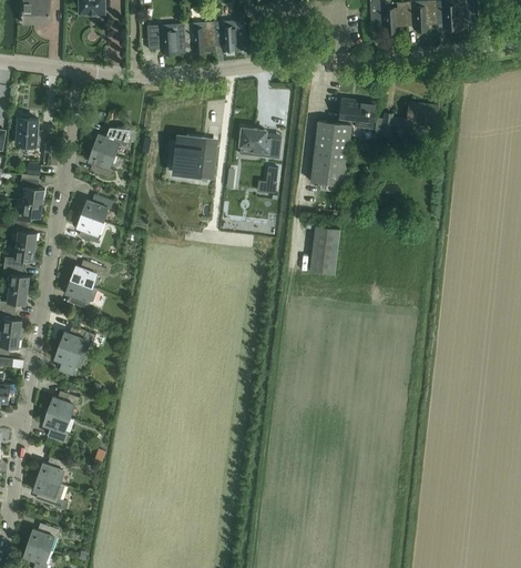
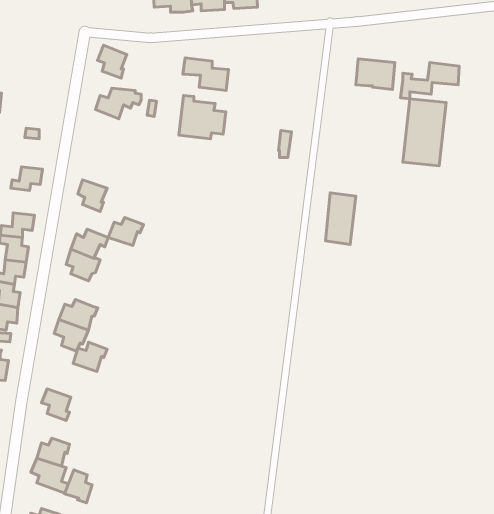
building: [16,115,49,152] -> none
building: [309,122,350,185] -> [403,99,446,166]
building: [237,128,280,159] -> [183,58,229,91]
building: [86,148,114,179] -> [98,45,127,78]
building: [19,179,43,204] -> none
building: [80,195,113,222] -> [108,217,144,246]
building: [11,222,37,247] -> none
building: [47,392,79,419] -> [73,342,107,372]
building: none -> [65,470,92,503]

